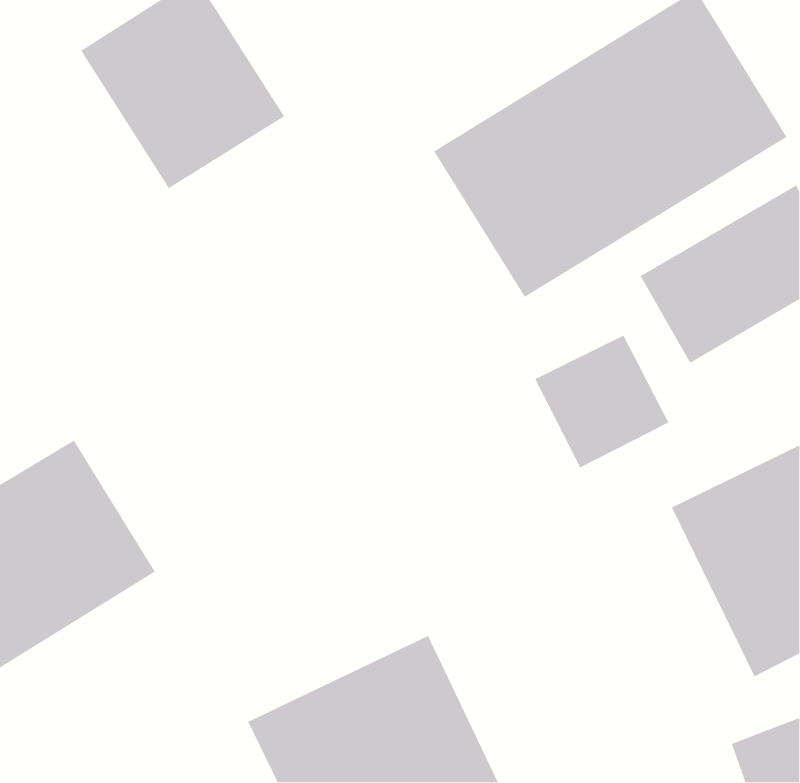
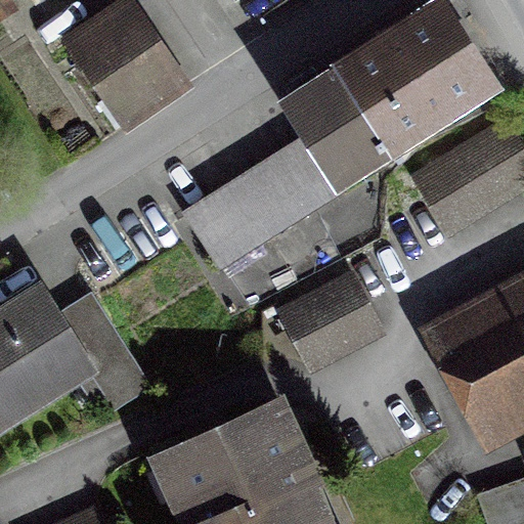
building: none -> [187,145,324,268]
building: [534,335,670,469] -> [286,276,374,363]

